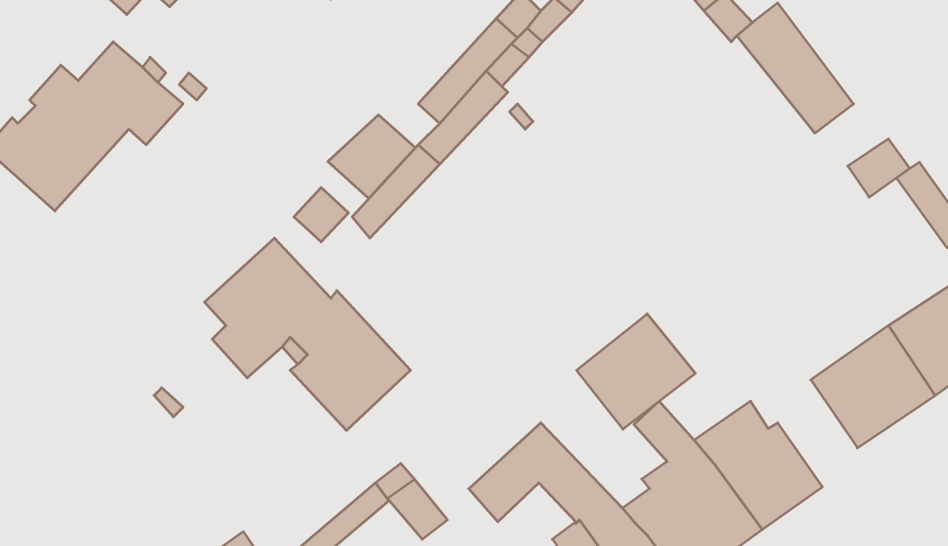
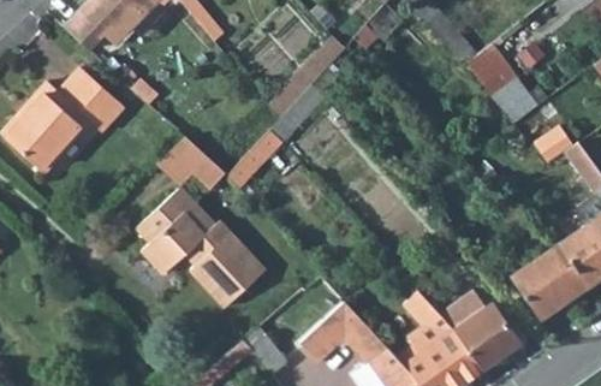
building: [328,115,415,198] -> [155,136,209,188]
building: [577,314,695,429] -> none

